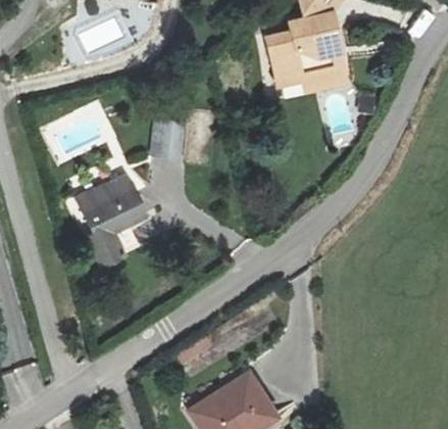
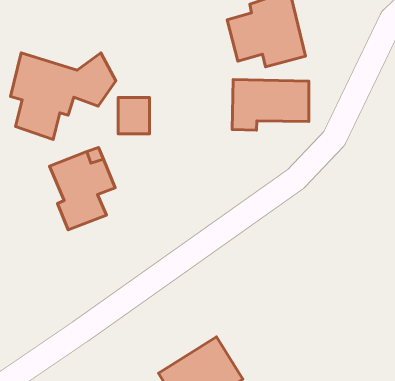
building: none -> [10,53,116,139]
building: none -> [232,80,309,130]

